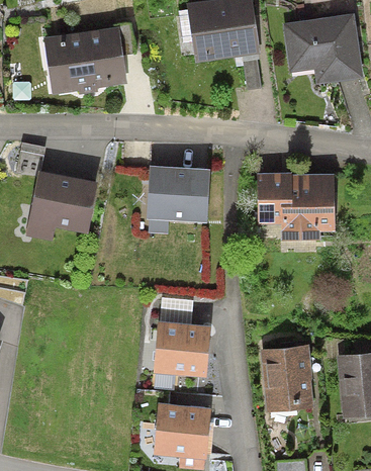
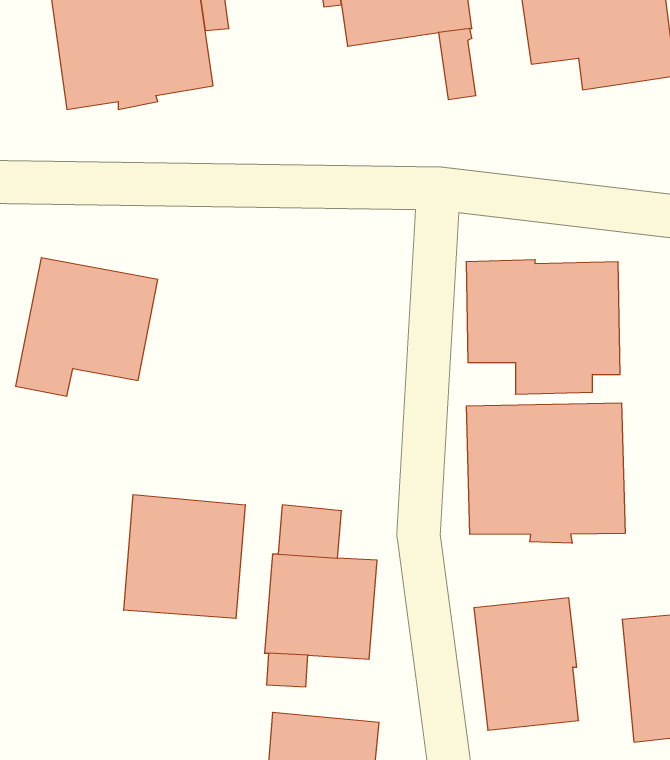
building: [146,165,210,233] -> none
building: none -> [467,403,625,543]
building: none -> [124,495,245,619]

